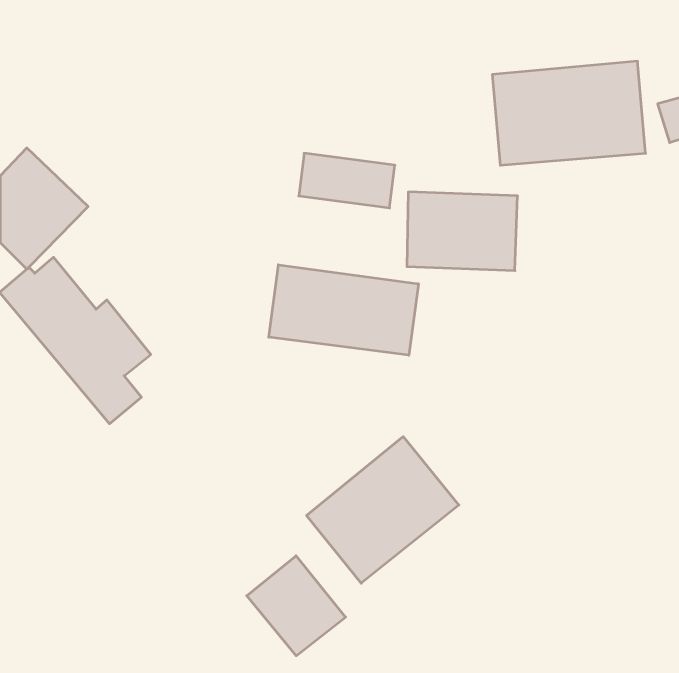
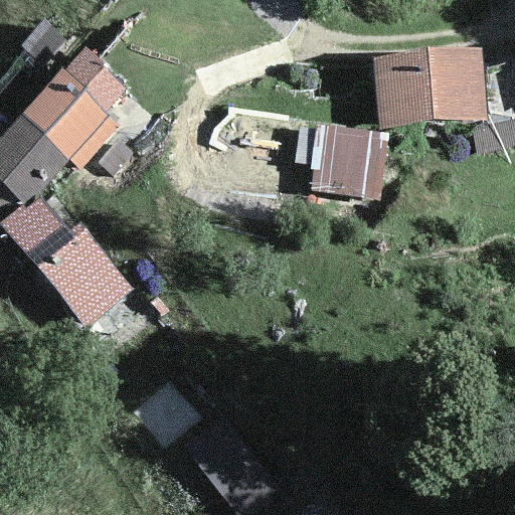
building: none -> [22,46,127,167]
building: [269,265,418,355] -> none
building: [307,437,459,583] -> none

